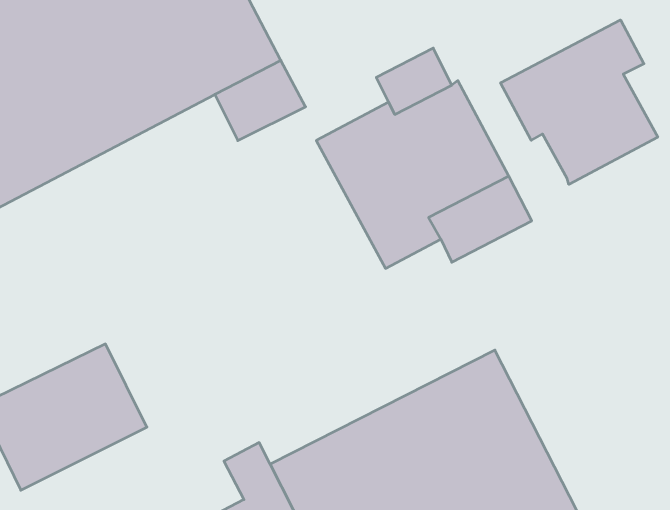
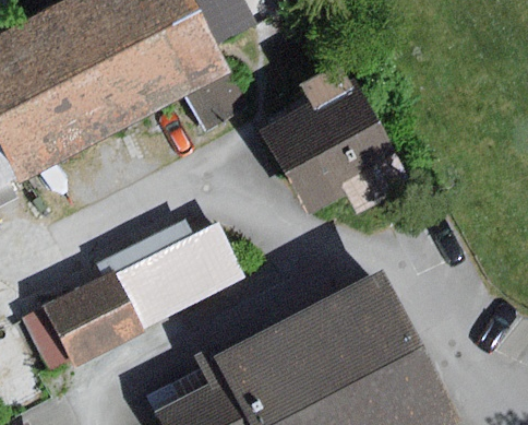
building: [501,20,658,184] -> none
building: none -> [104,220,249,330]

